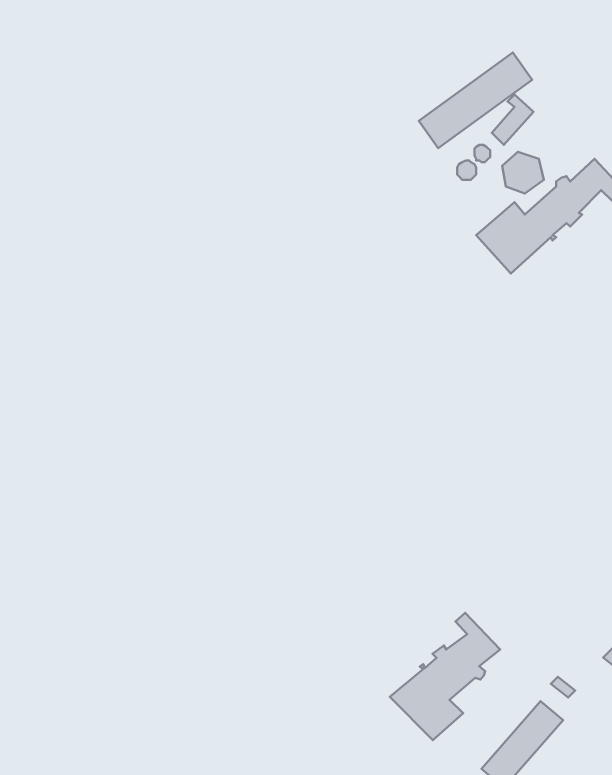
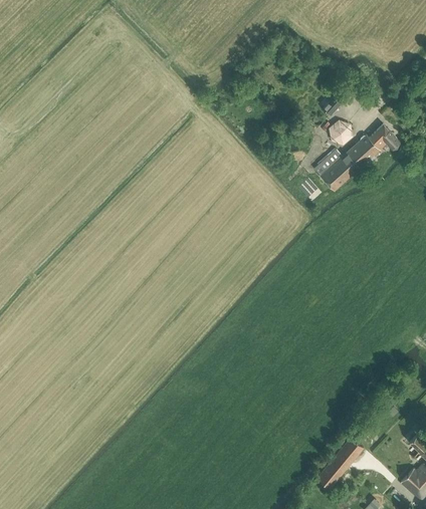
building: [419,52,532,148] -> none
building: [390,613,500,740] -> none

